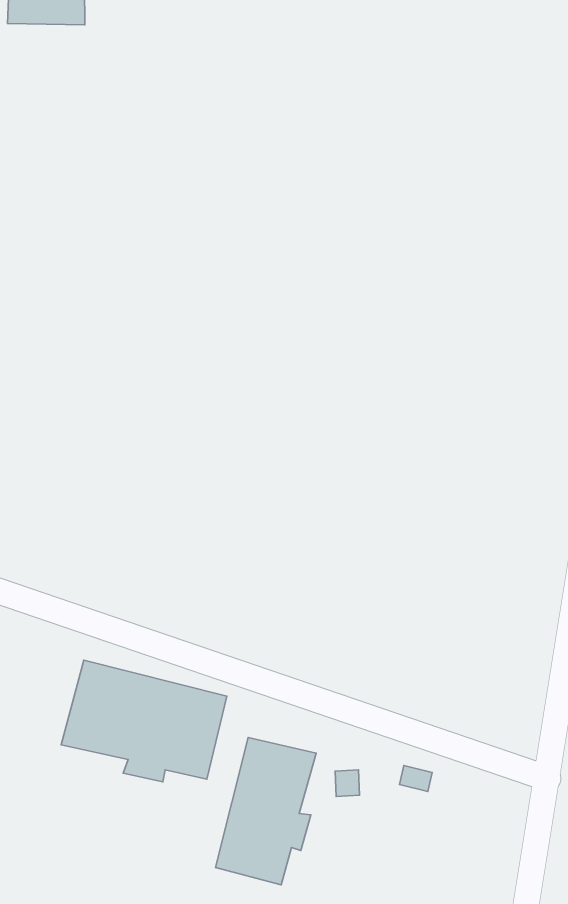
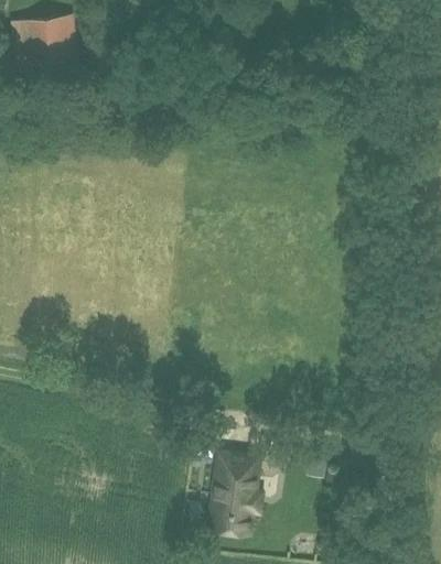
building: [61,660,227,782] -> none

